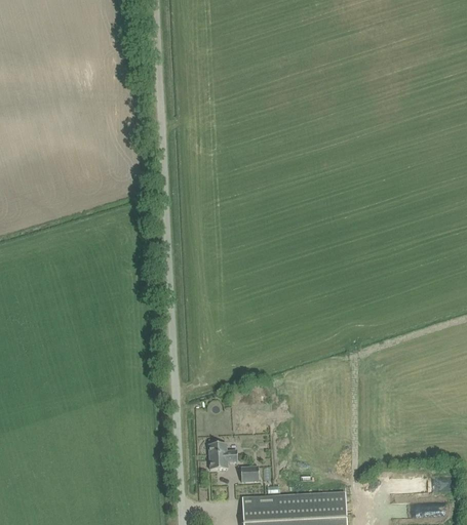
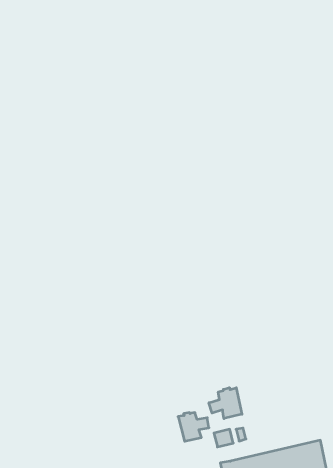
building: none -> [209,388,242,419]

